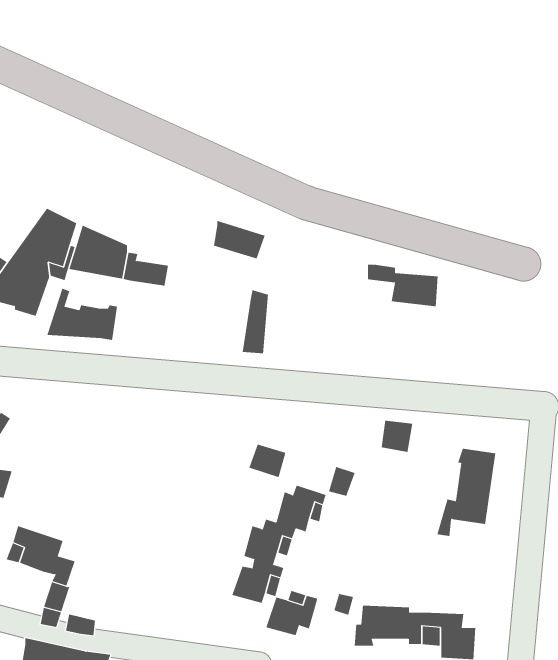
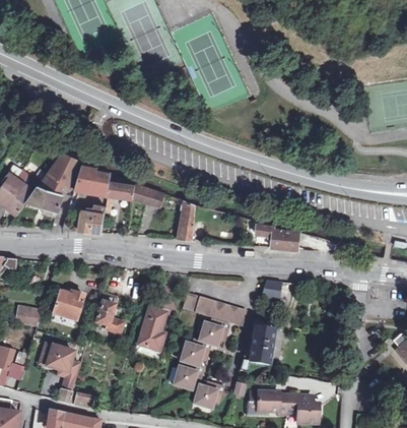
building: [213,220,266,259] -> [133,184,164,207]
building: [367,264,438,307] -> [257,225,299,250]
building: none -> [53,291,83,320]
building: none -> [95,293,124,333]
building: [437,448,496,536] -> [240,318,275,371]
building: none -> [201,300,234,322]
building: none -> [138,308,165,351]

